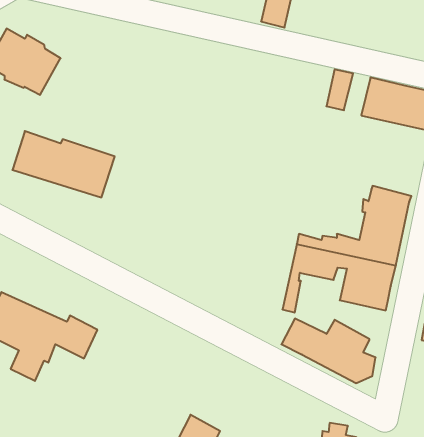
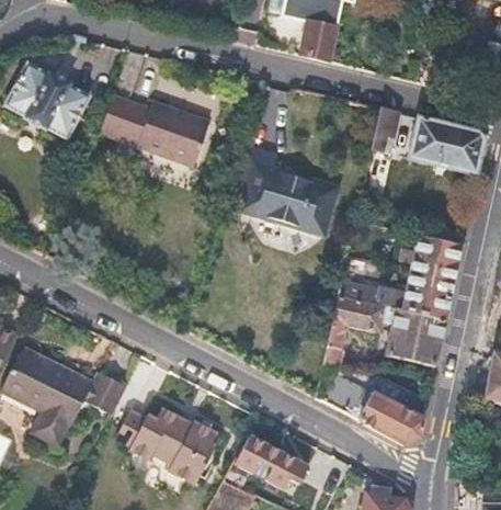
building: none -> [235,143,340,235]
building: [12,131,115,197] -> [96,95,206,167]
building: none -> [116,400,217,480]
building: none -> [235,434,309,491]

